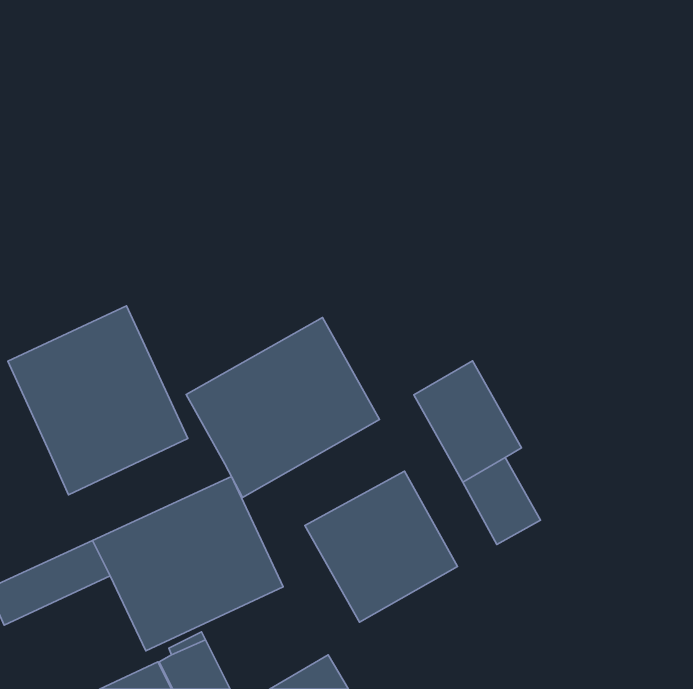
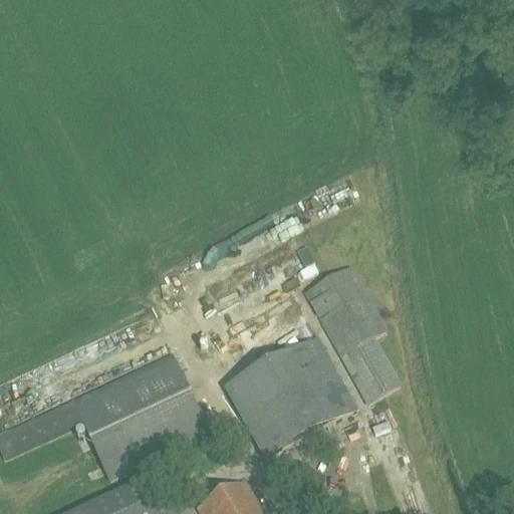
building: [8,306,188,495] -> none
building: [186,318,379,497] -> none
building: none -> [298,337,355,418]

